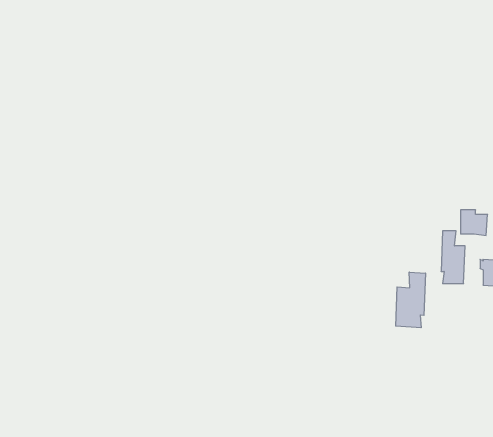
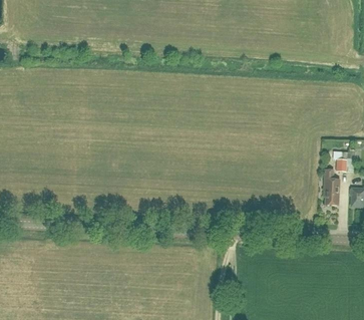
building: [396,272,425,328] -> none

